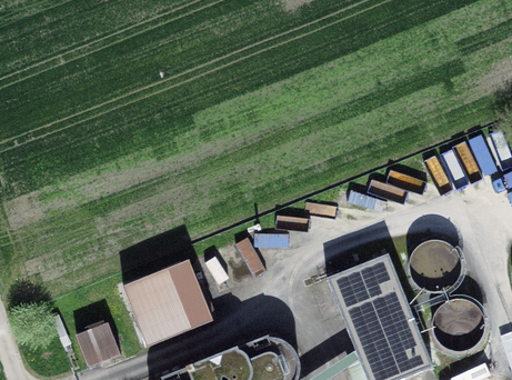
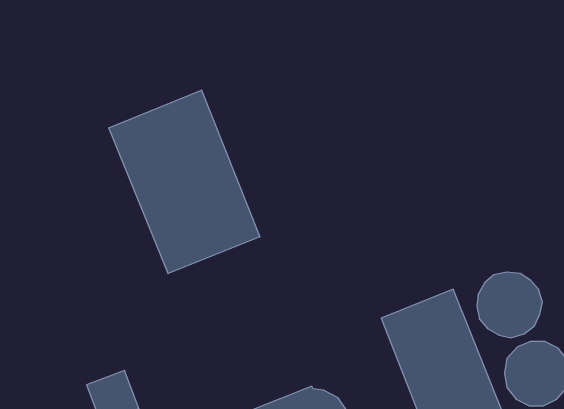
building: none -> [109,90,260,274]
building: [123,259,212,346] -> none

